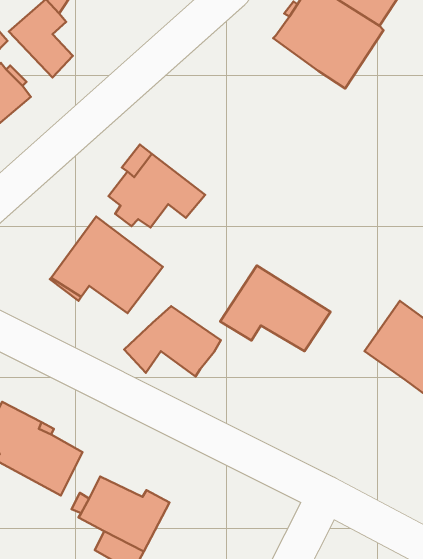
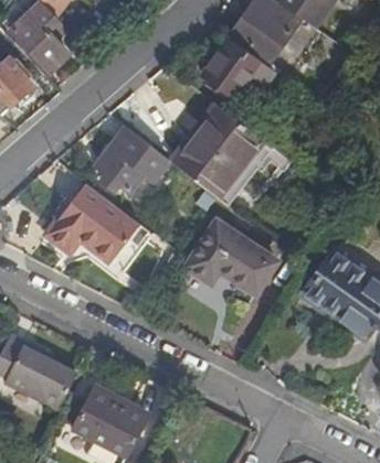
building: none -> [203,39,265,98]
building: none -> [175,106,273,207]
building: [124,306,221,376] -> none

